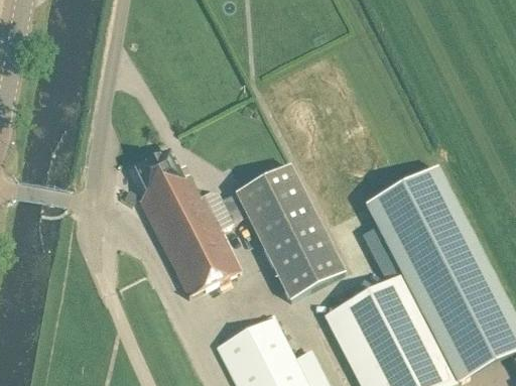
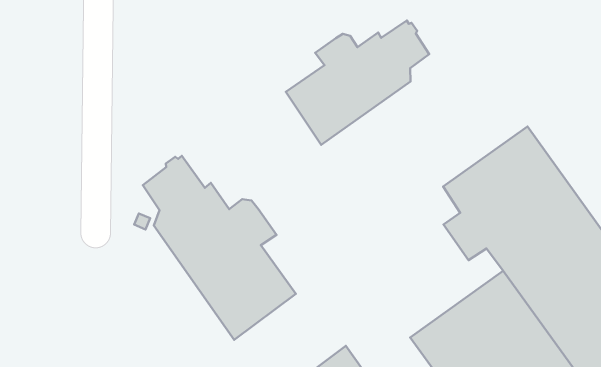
building: none -> [286,20,429,145]
building: [235,163,344,298] -> none

